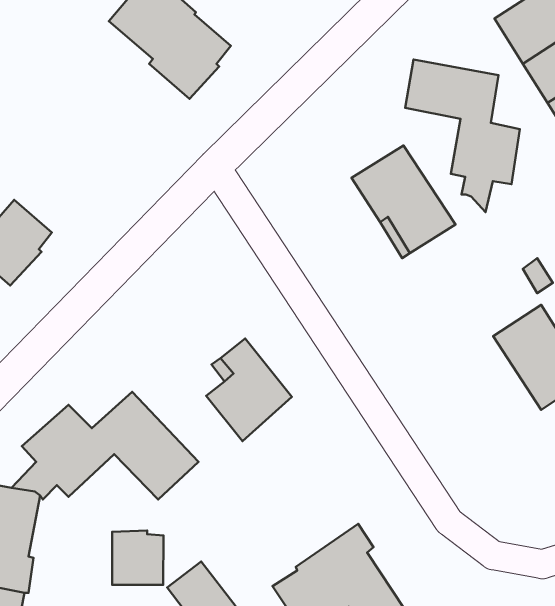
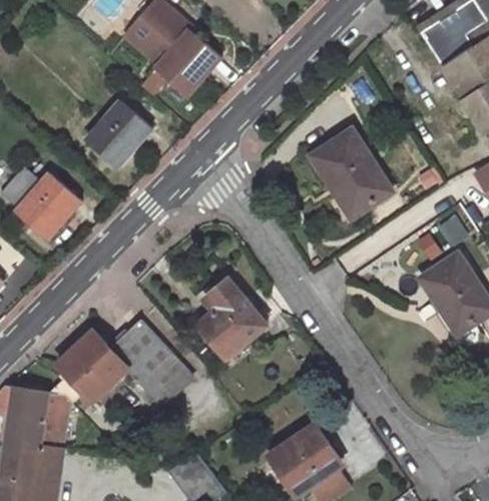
building: [405,60,520,212] -> none
building: none -> [86,101,150,168]
building: [112,530,163,585] -> none

